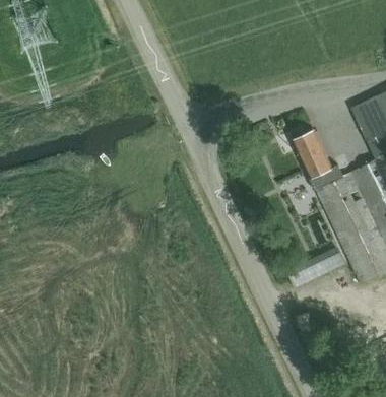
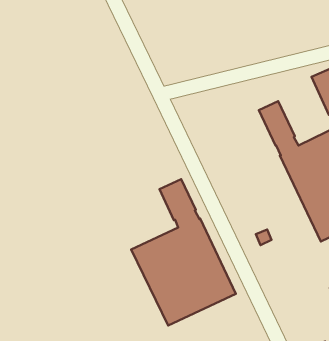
building: none -> [131,179,236,326]

